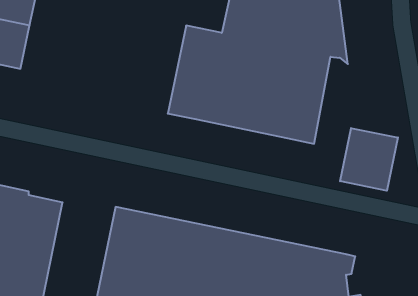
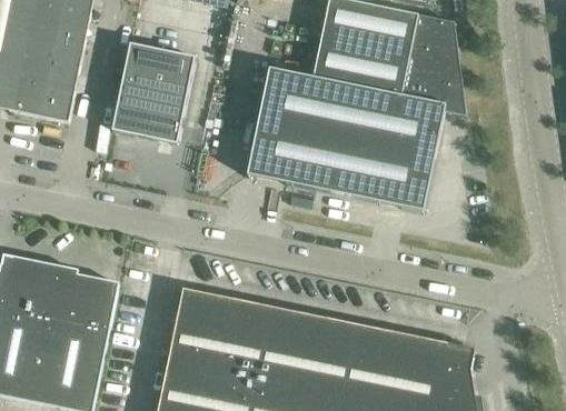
building: none -> [111,42,195,143]
building: [340,128,398,191] -> none

